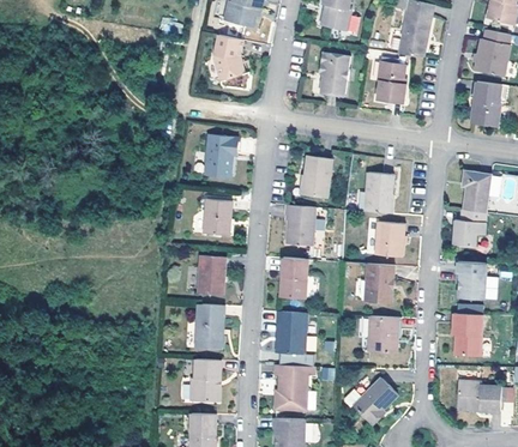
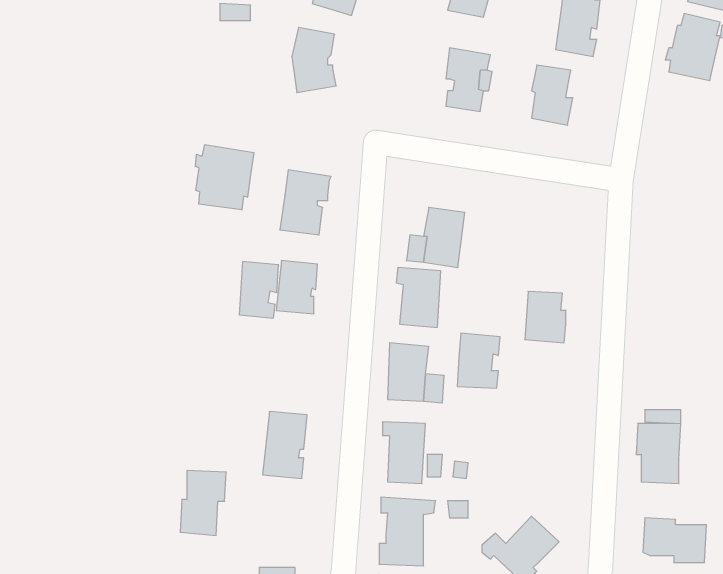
building: [474,79,501,126] -> none
building: none -> [195,145,254,210]
building: [450,170,493,249] -> none
building: [365,174,394,215] -> none
building: [197,256,224,296] -> [239,262,279,318]
building: [459,261,490,301] -> none
building: [363,264,393,302] -> [457,333,500,388]
building: [368,316,402,352] -> none
building: [187,360,219,405] -> [180,470,226,536]

